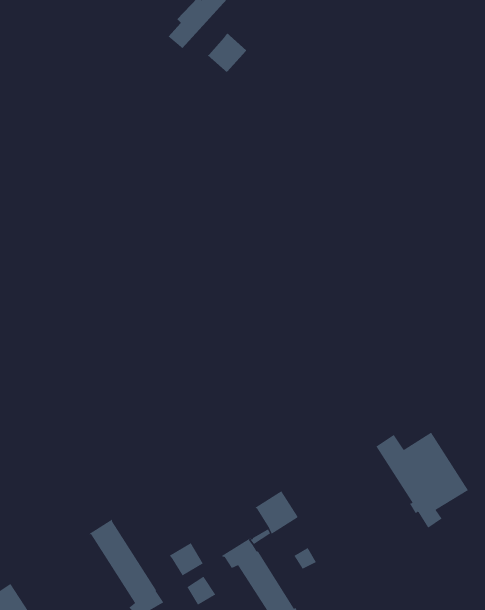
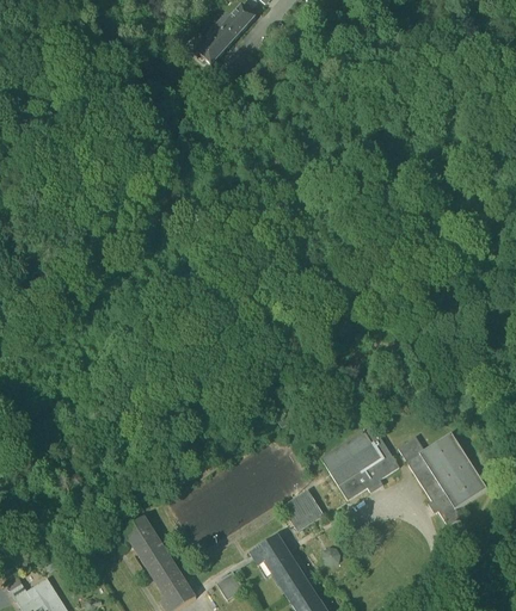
building: [207,32,247,73] -> none
building: none -> [320,422,399,499]
building: [169,542,204,577] -> none

